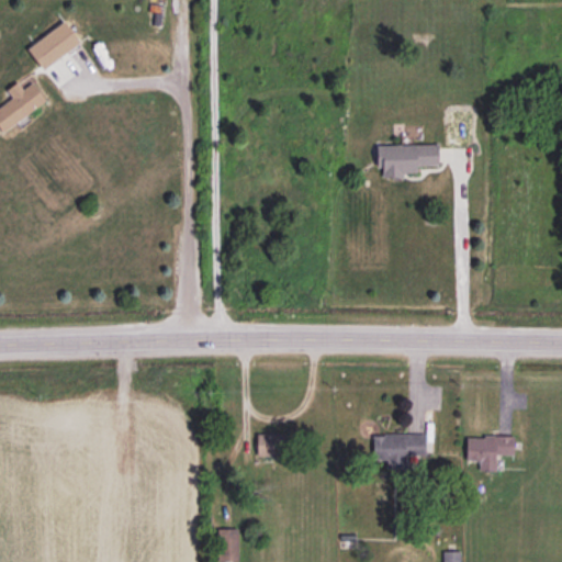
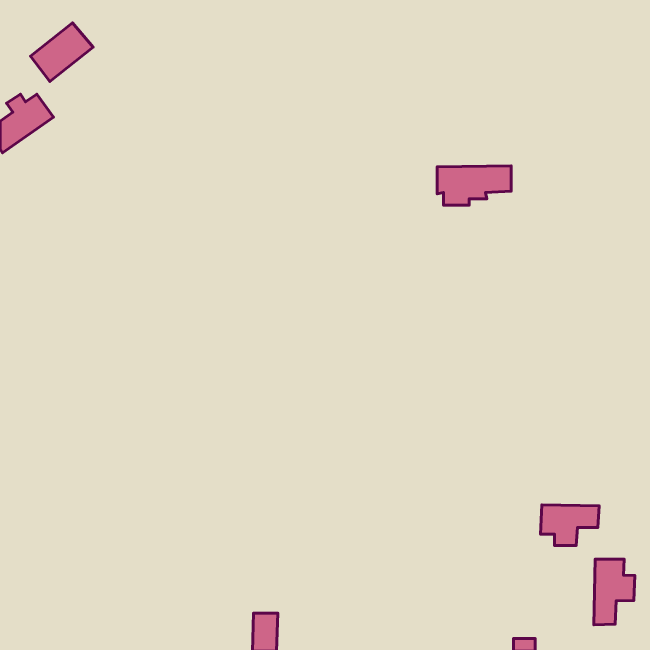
building: [258,434,284,457] -> none
building: [373,434,427,469] -> none
building: none -> [594,559,635,625]

